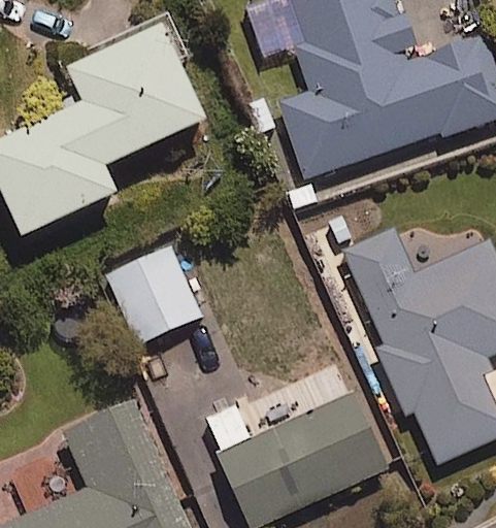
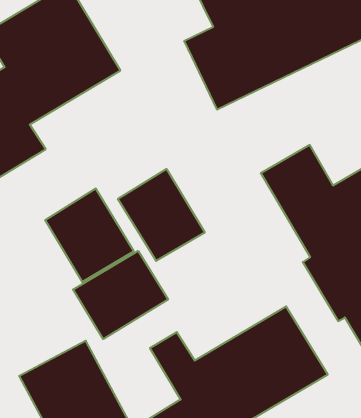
building: none -> [118,169,205,261]
building: none -> [73,251,168,339]

